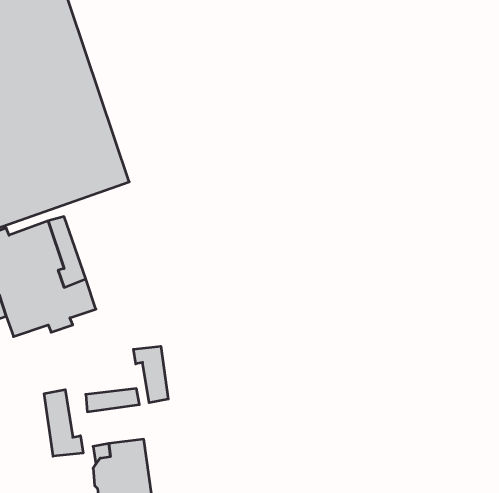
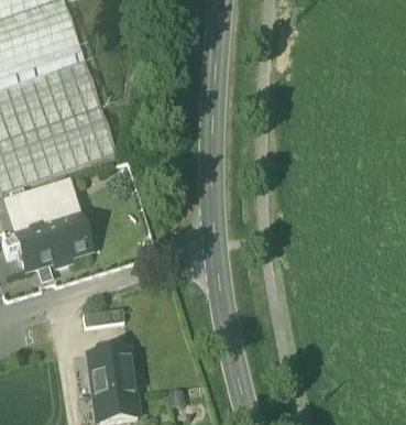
building: [133,346,168,403] -> none
building: [44,390,83,456] -> none

